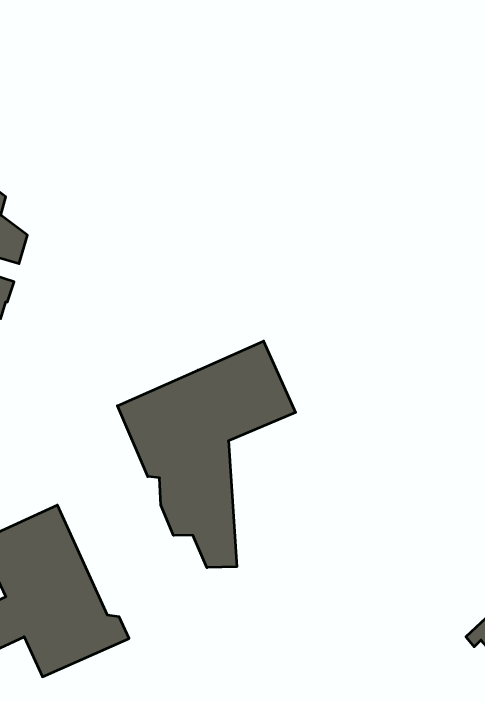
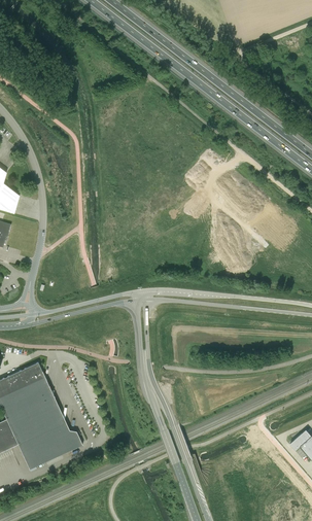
building: [117,341,296,568] -> none

